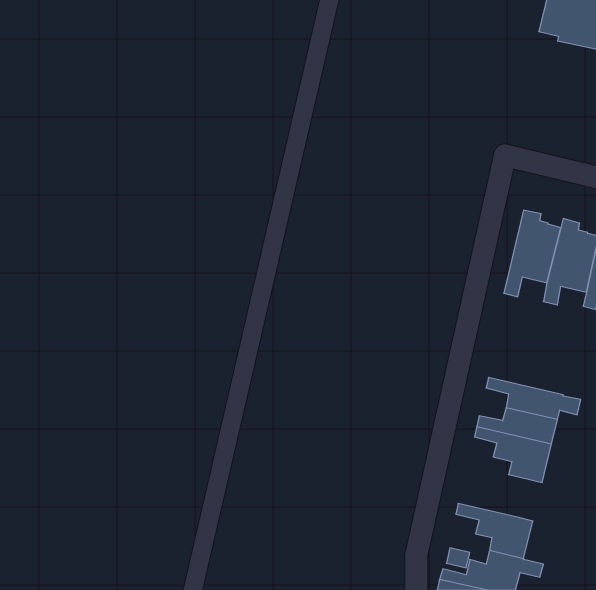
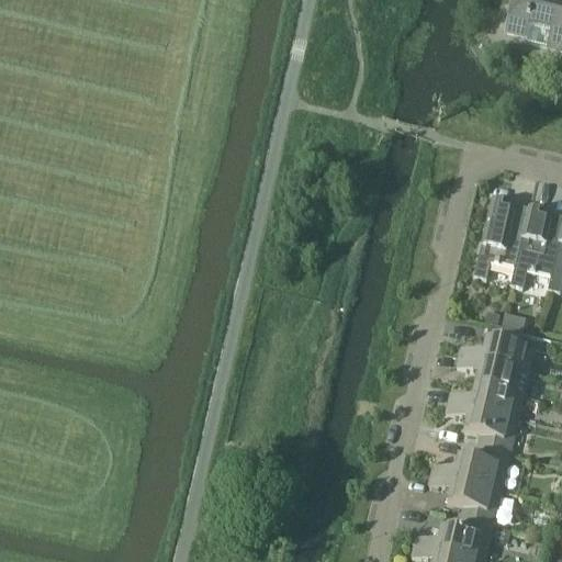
building: none -> [460,323,536,371]
building: none -> [431,446,510,490]

